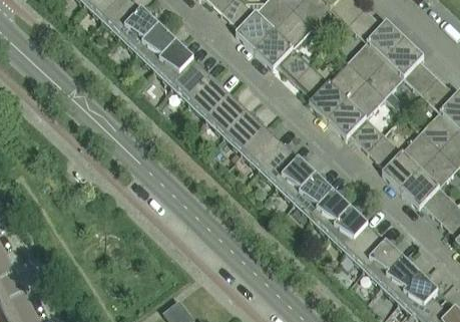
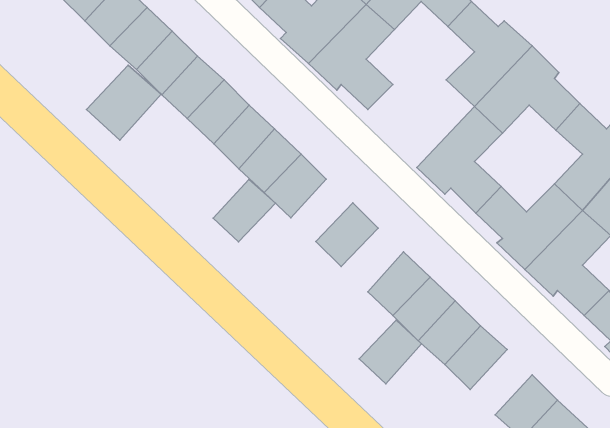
building: none -> [87,65,161,140]
building: [295,60,367,119] -> none
building: [243,127,285,170] -> [213,180,275,242]
building: [277,160,319,204] -> [359,320,421,384]
building: [364,243,406,287] -> none

